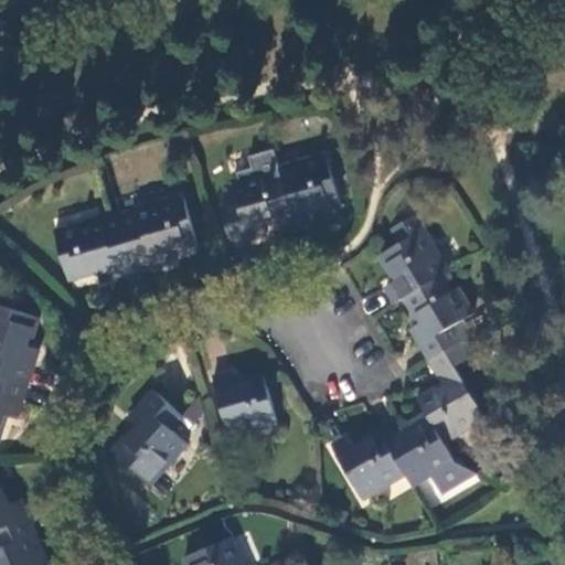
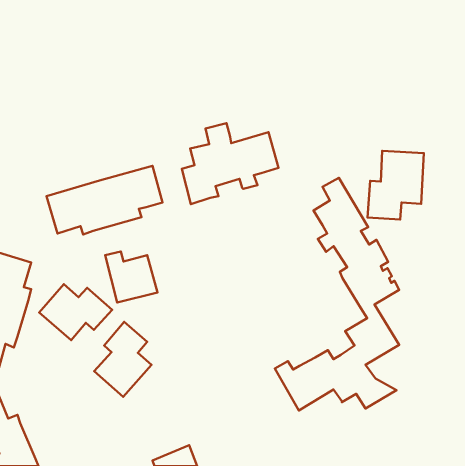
building: none -> [368,151,424,219]
building: none -> [39,284,112,340]
building: [212,373,275,435] -> [105,251,157,303]

